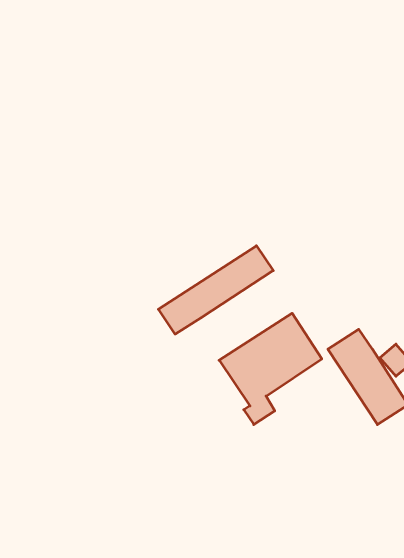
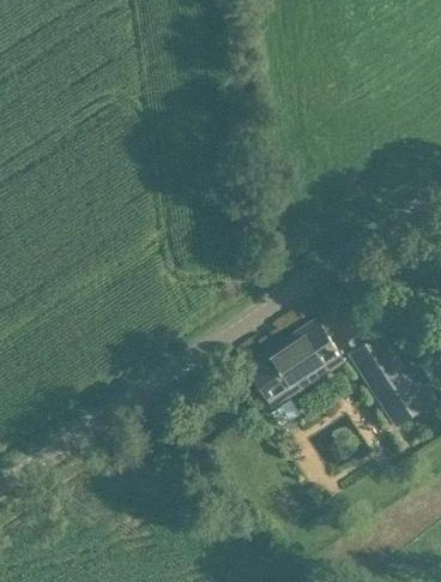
building: [158,246,273,334] -> none

